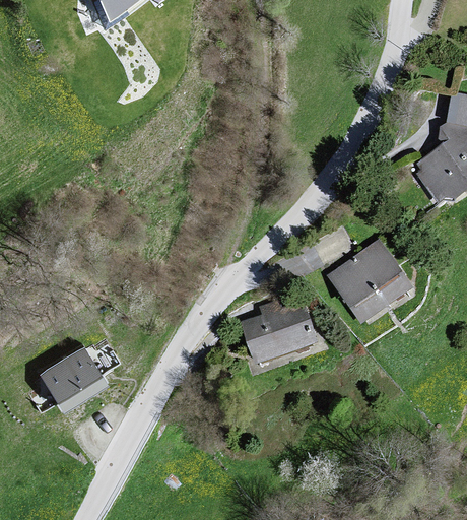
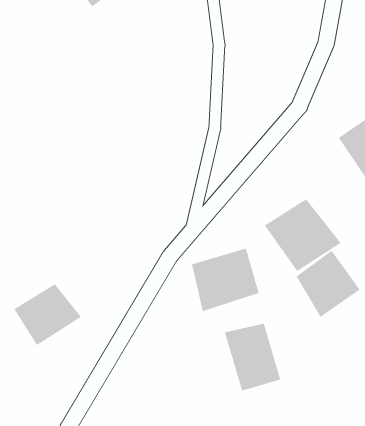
building: none -> [296,250,361,318]
building: none -> [224,323,281,391]

